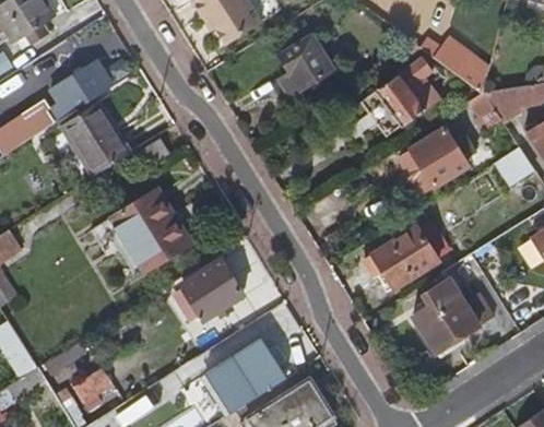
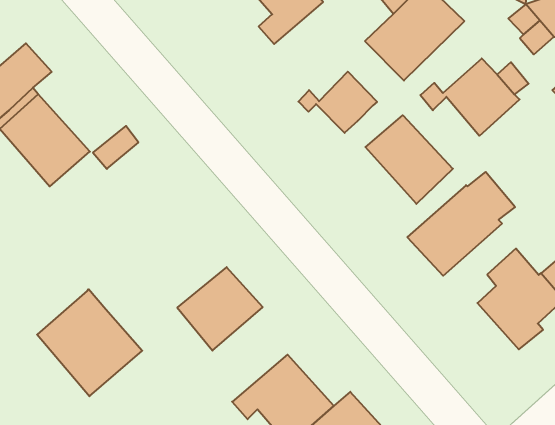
building: none -> [298,72,377,133]
building: none -> [365,115,453,204]
building: [111,191,190,273] -> [37,289,142,396]

